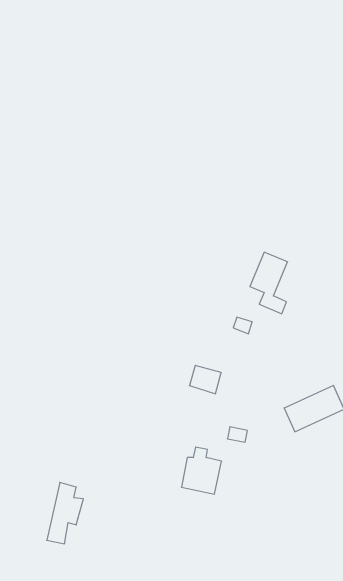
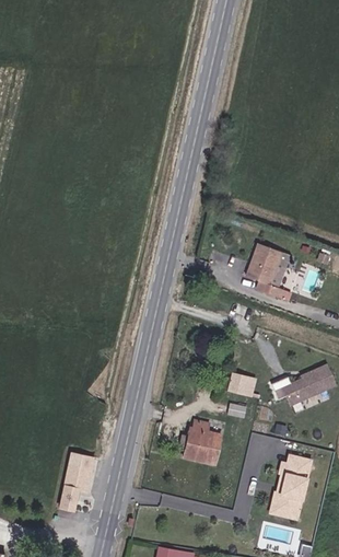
building: [189,365,221,394] -> [226,371,256,397]
building: none -> [268,455,312,522]

